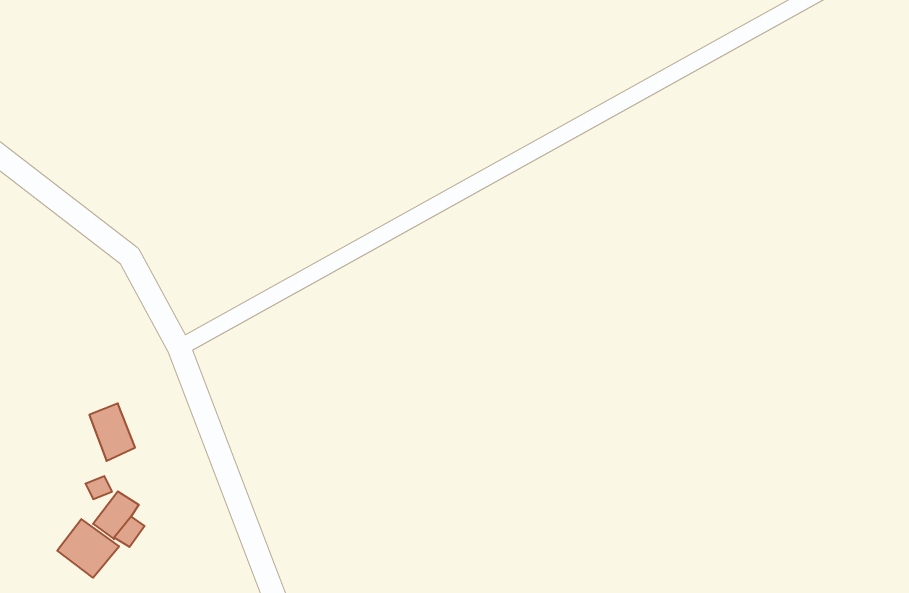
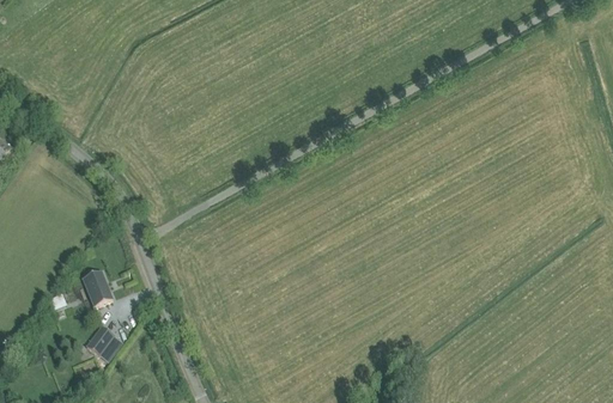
building: [57,519,119,578] -> none

